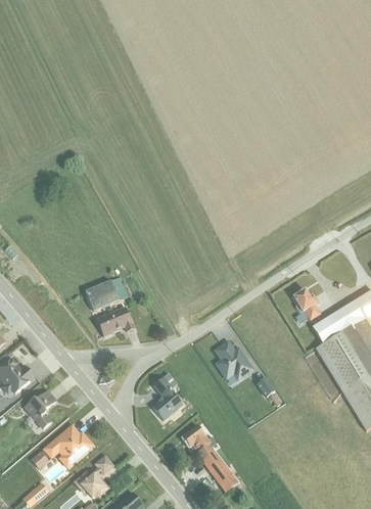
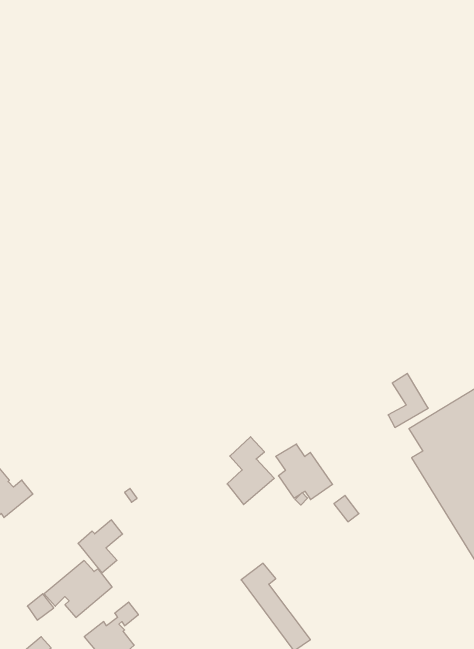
building: [87,275,125,305] -> none
building: [96,306,132,332] -> none
building: [150,372,185,422] -> [227,437,274,505]
building: [22,390,55,429] -> [78,520,123,573]

